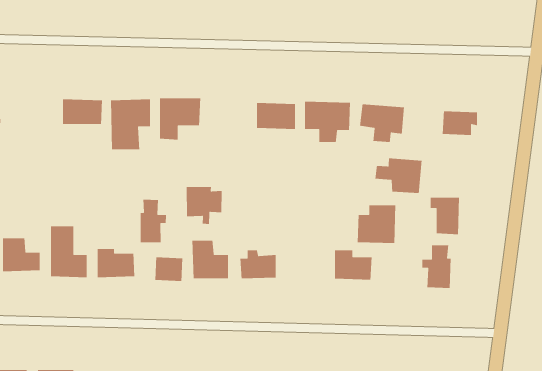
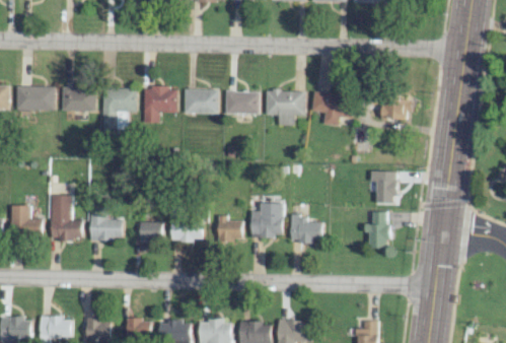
building: none -> [15,85,54,111]
building: none -> [184,88,218,113]
building: [375,157,422,194] -> none
building: [186,186,223,225] -> none
building: [140,199,167,243] -> none
building: [357,205,396,244] -> [250,203,284,236]

